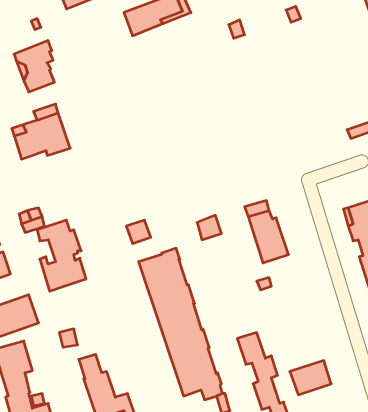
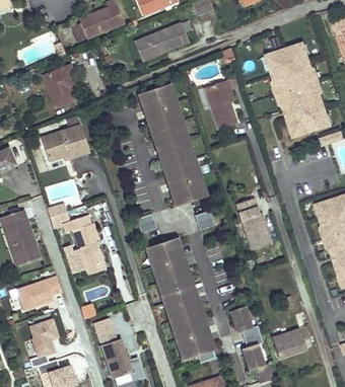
building: none -> [271,44,327,135]
building: none -> [202,78,235,129]
building: none -> [137,83,206,206]

